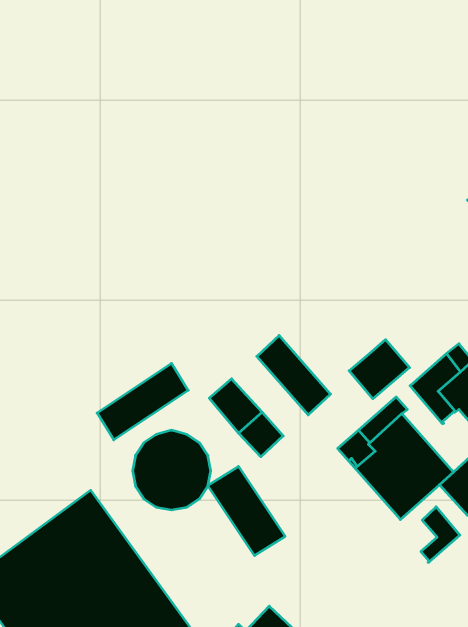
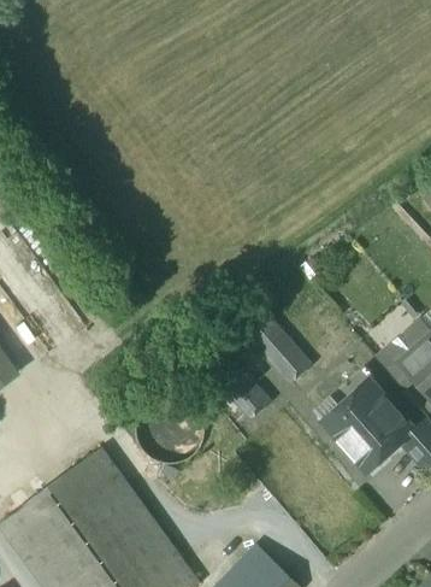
building: [349,340,410,399] -> none
building: [97,363,188,440] -> none
building: [208,466,285,556] -> none
building: [421,507,460,562] -> none

